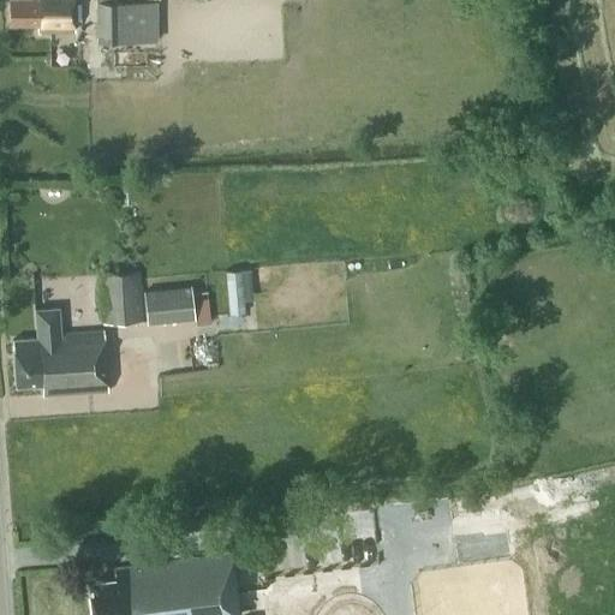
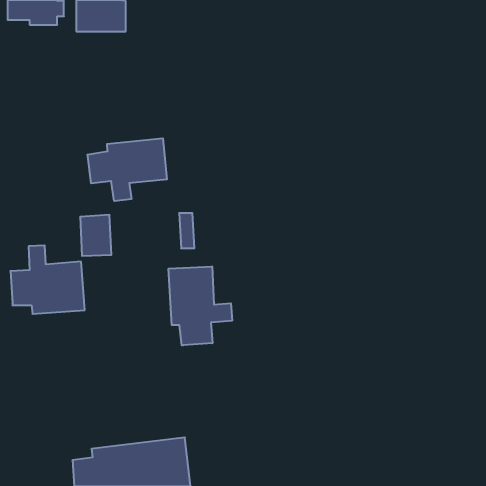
building: none -> [87,138,167,201]
building: [145,285,196,323] -> none
building: none -> [169,266,232,345]

